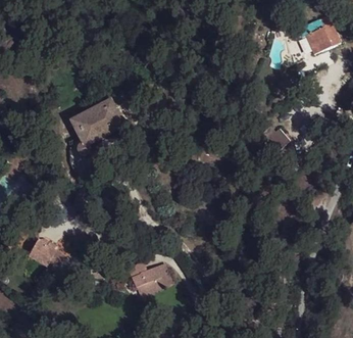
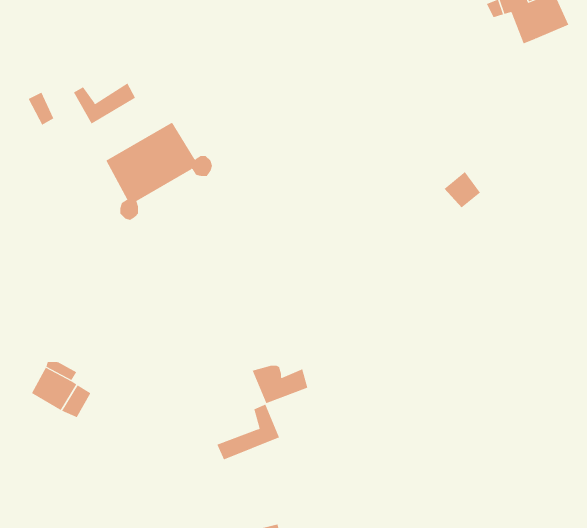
building: none -> [73,83,136,124]
building: [128,263,160,286] -> [252,365,308,404]

